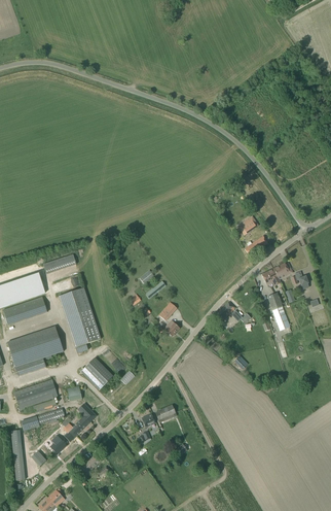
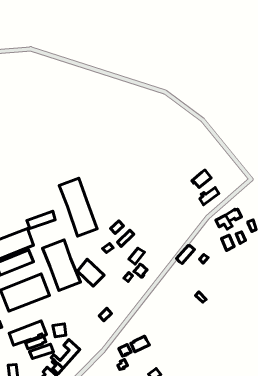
building: none -> [59,178,97,236]
building: [81,357,112,389] -> [77,259,104,286]

